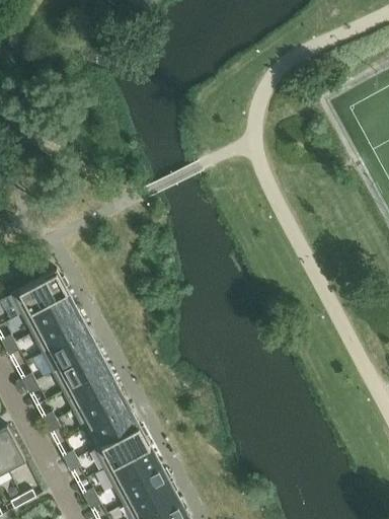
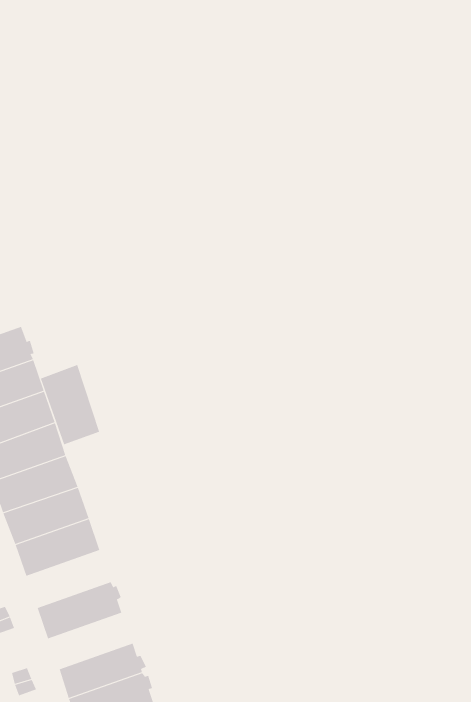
building: none -> [40,364,100,445]
building: [83,407,139,451] -> none
building: [103,446,159,489] -> none

